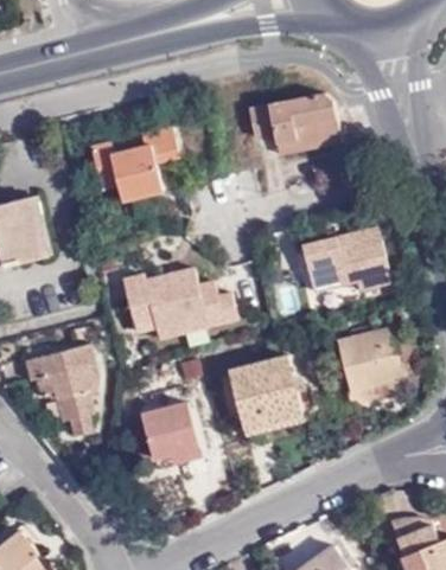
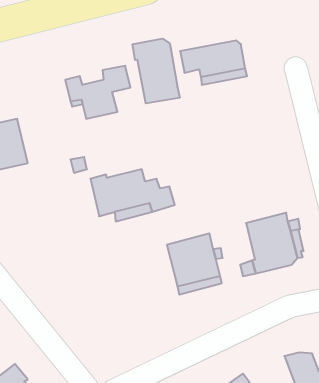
building: none -> [132,39,180,103]
building: [300,220,389,287] -> none
building: [27,345,98,436] -> none
building: [144,402,203,468] -> none

